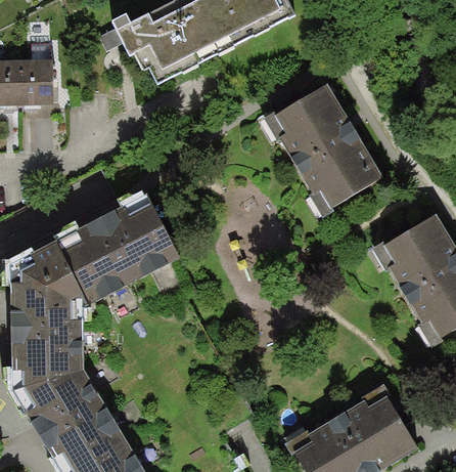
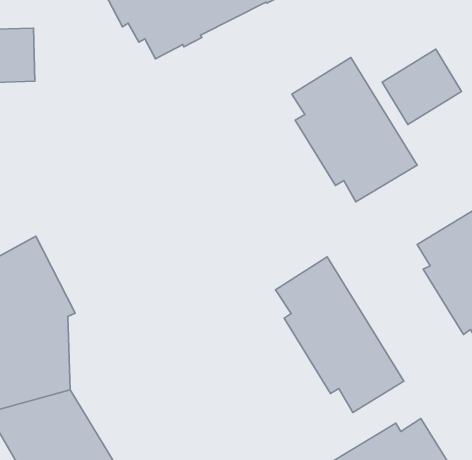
building: none -> [382,49,461,124]
building: [53,192,178,304] -> none
building: none -> [275,257,404,412]

